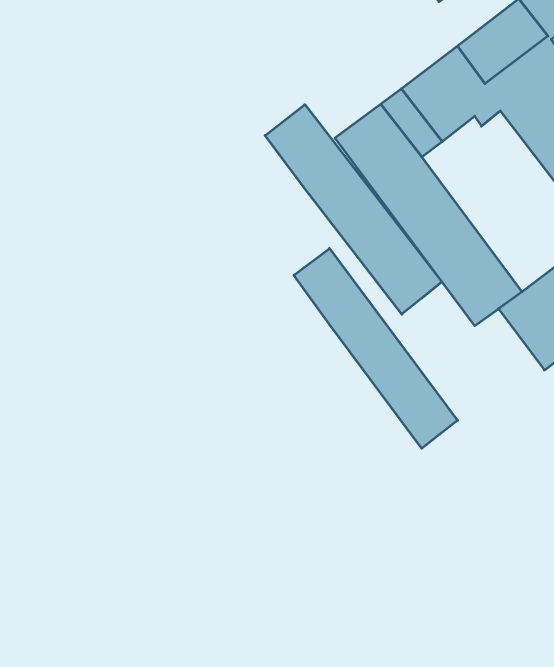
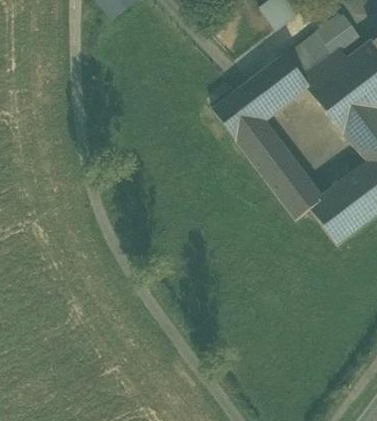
building: [265,105,442,314] -> none
building: [294,248,458,448] -> none

